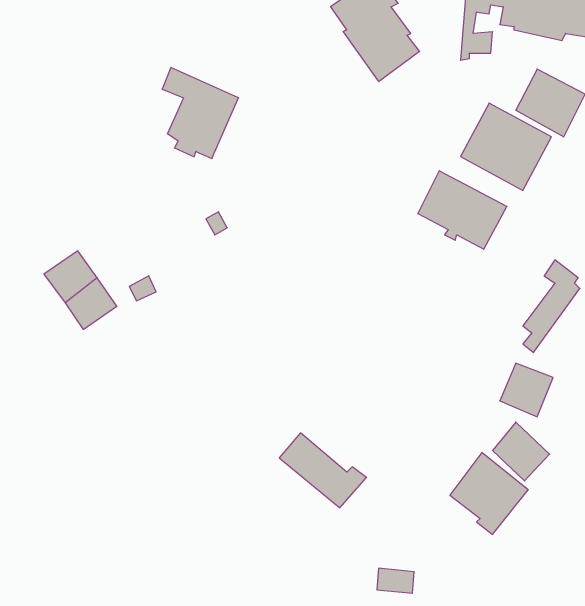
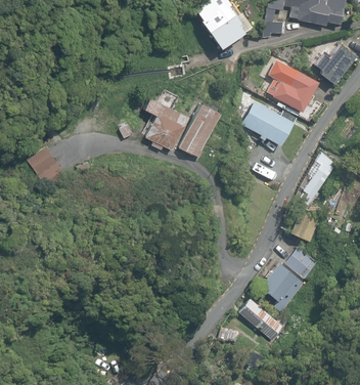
building: [162,68,239,159] -> [144,98,188,151]
building: none -> [179,103,220,158]
building: [279,433,367,508] -> [237,297,287,340]

